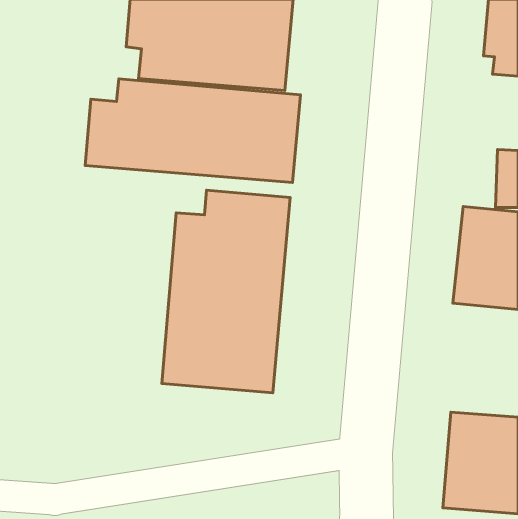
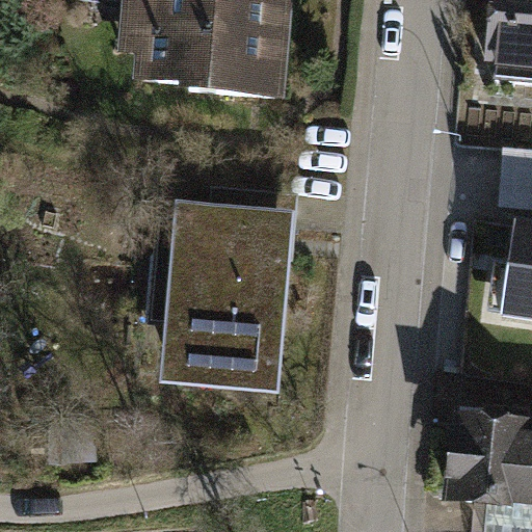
building: [85,79,300,183] -> none

